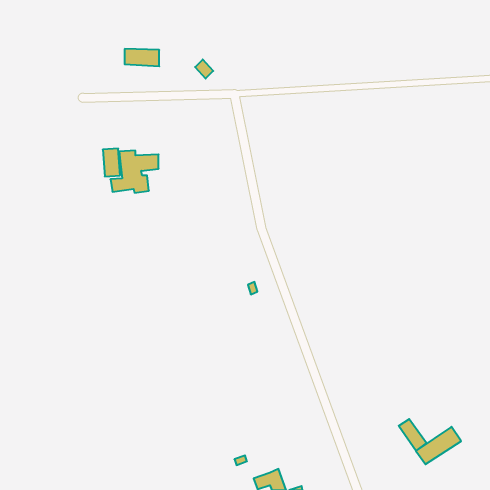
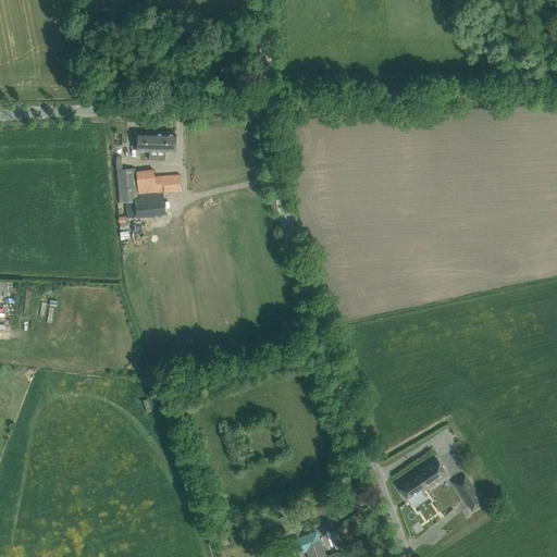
building: [125,49,159,66] -> [136,133,175,152]
building: [416,427,461,464] -> [396,459,447,502]

